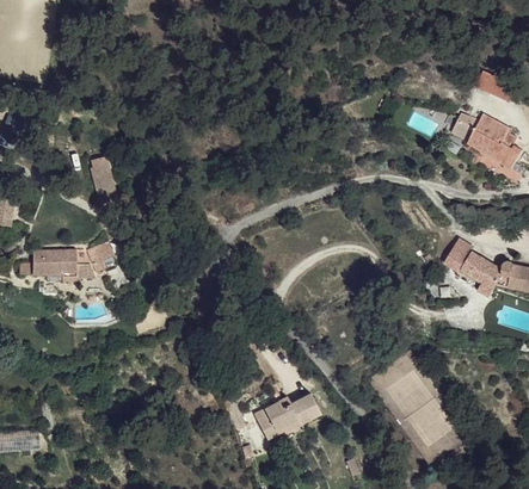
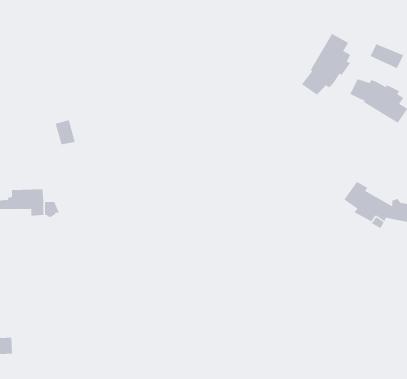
building: none -> [301,33,351,96]
building: [76,242,115,273] -> none
building: [259,394,321,439] -> none

